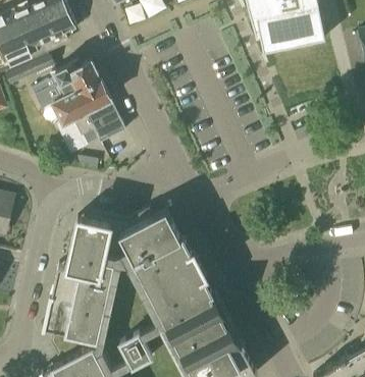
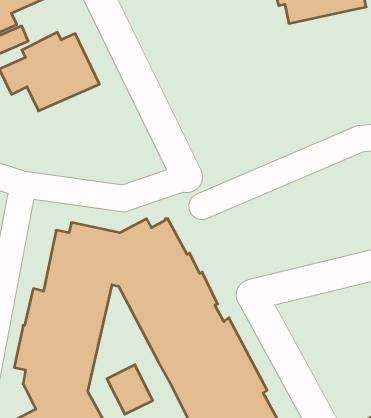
building: [58,100,126,152] -> none

